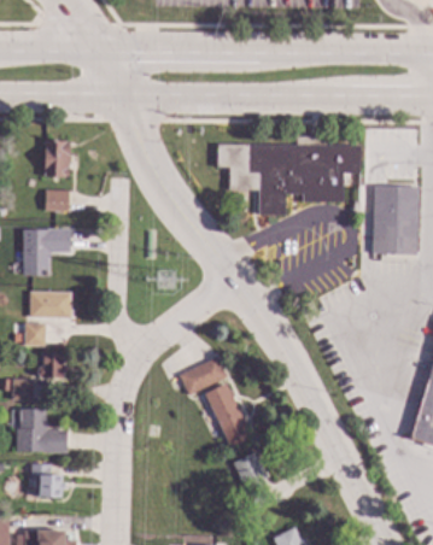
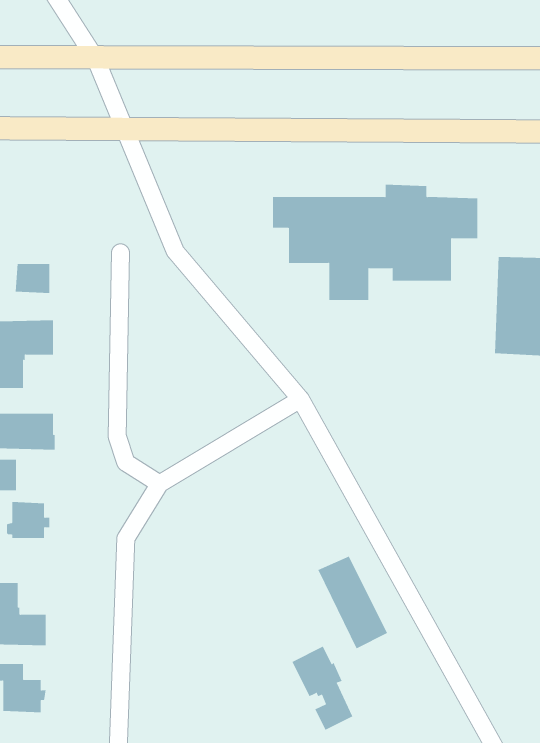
building: [43,140,70,177] -> none
building: [179,357,226,394] -> none
building: [204,383,252,447] -> [317,556,388,649]

